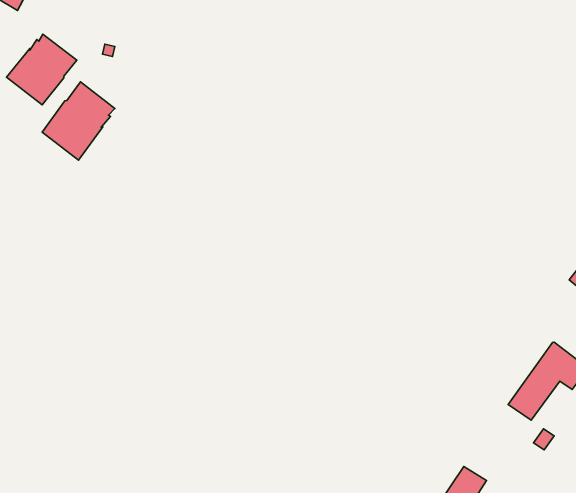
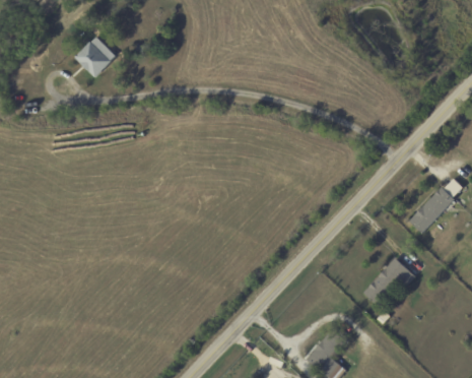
building: [42,82,115,160] -> none

